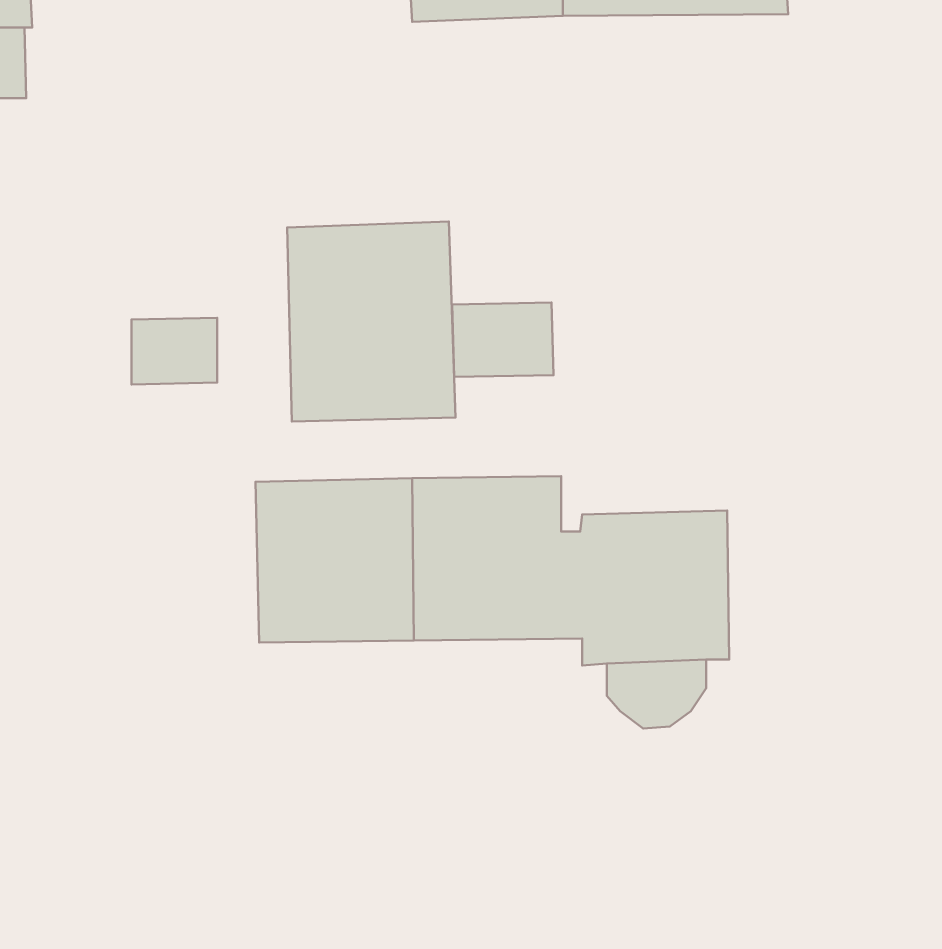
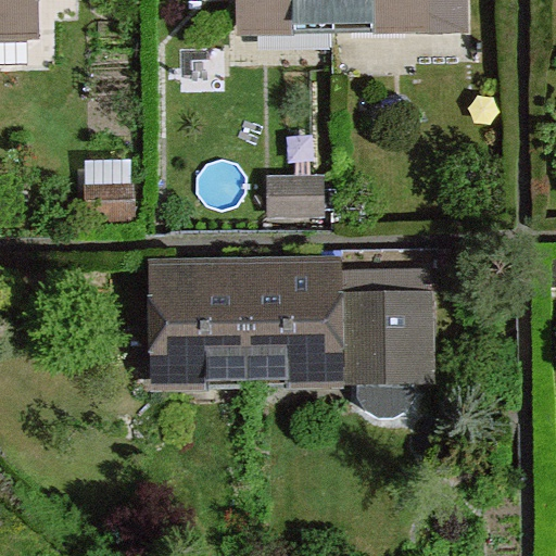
building: [287,222,455,421] -> none

